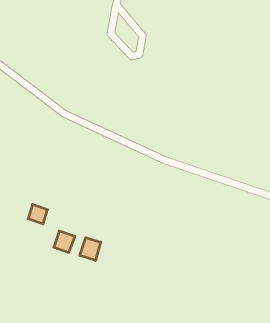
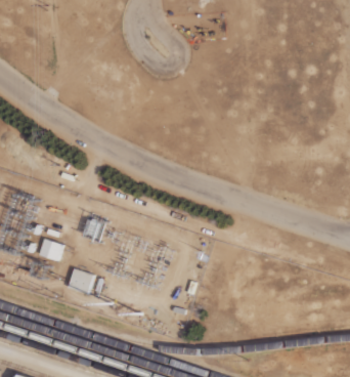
building: [80,238,101,261] -> none

